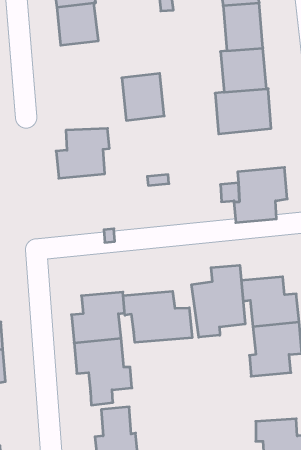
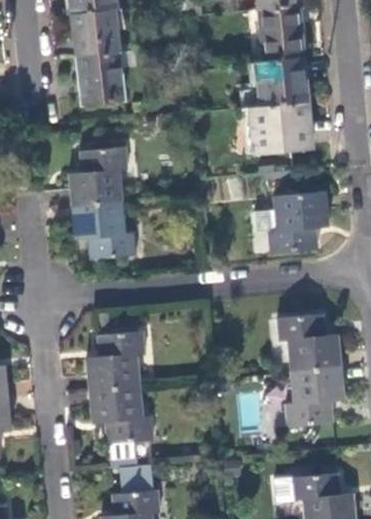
building: [122,73,164,120] -> [74,50,122,102]
building: none -> [72,199,137,258]
building: [192,265,245,337] -> none
building: [123,291,192,342] -> none

